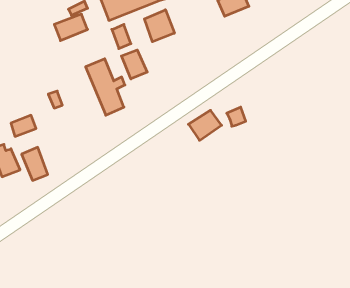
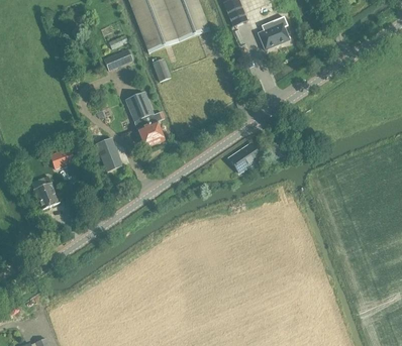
building: [144,10,174,42] -> none
building: [121,50,147,79] -> none
building: [22,147,48,180] -> [95,136,121,169]

